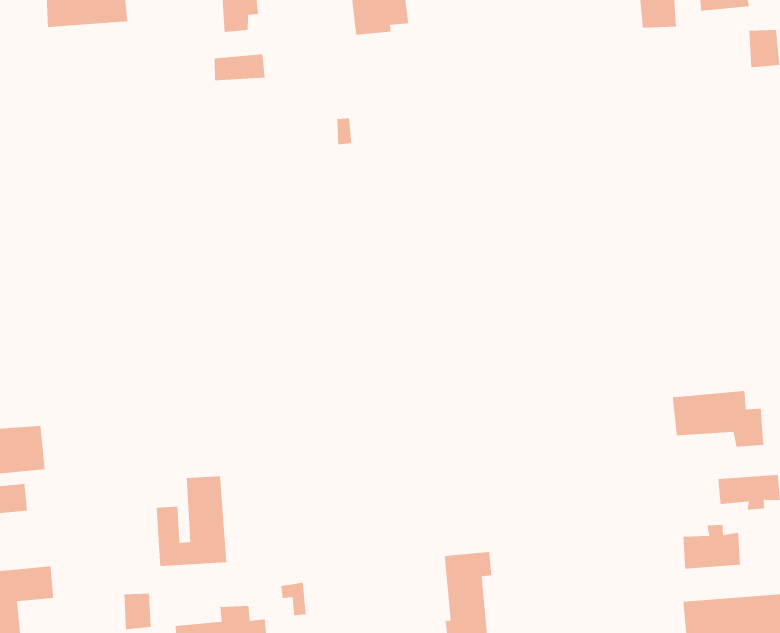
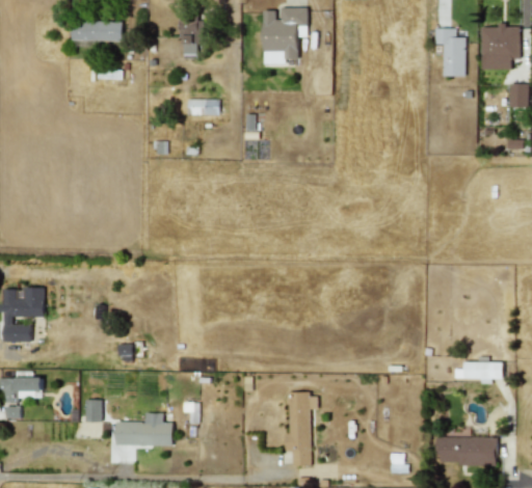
building: [214,53,265,81] -> [186,100,218,115]
building: [672,390,764,448] -> none
building: [156,476,227,567] -> none
building: [683,524,741,569] -> none

